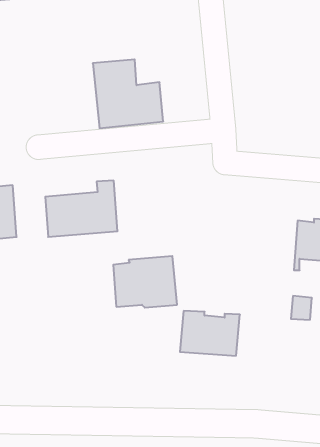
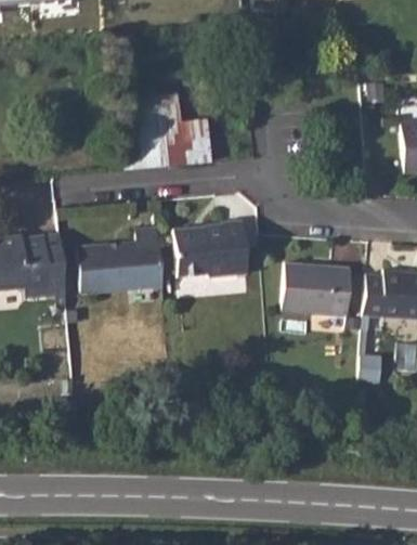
building: [113,256,177,308] -> [177,220,249,278]
building: [180,311,240,356] -> [284,263,352,314]

